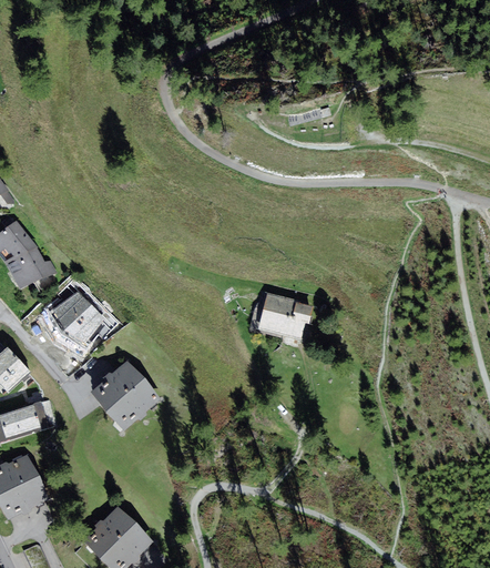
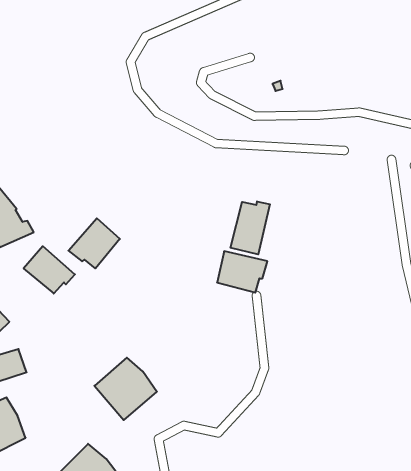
building: none -> [230,201,270,254]
building: none -> [68,218,120,268]
building: [91,362,160,430] -> [94,358,157,420]

